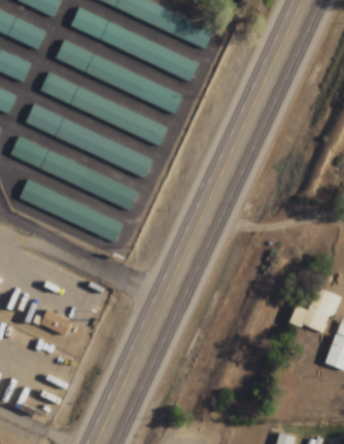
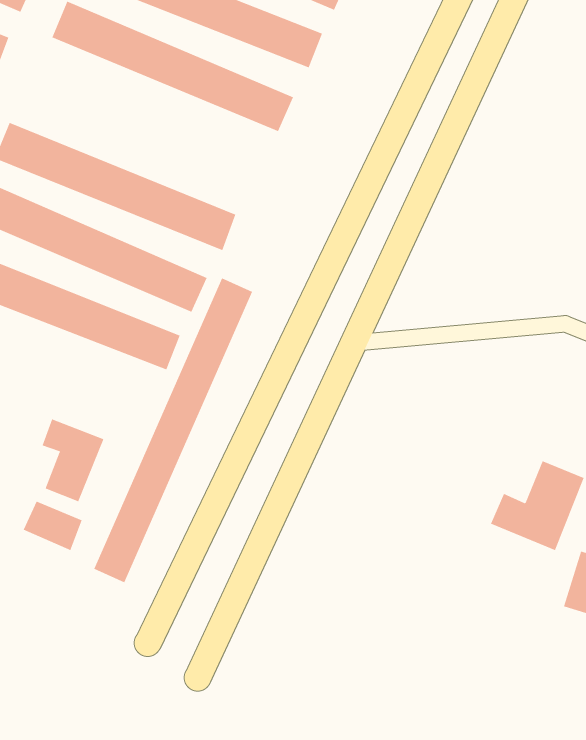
building: [39,72,169,143] -> none
building: none -> [93,277,253,583]
building: none -> [42,419,104,502]

